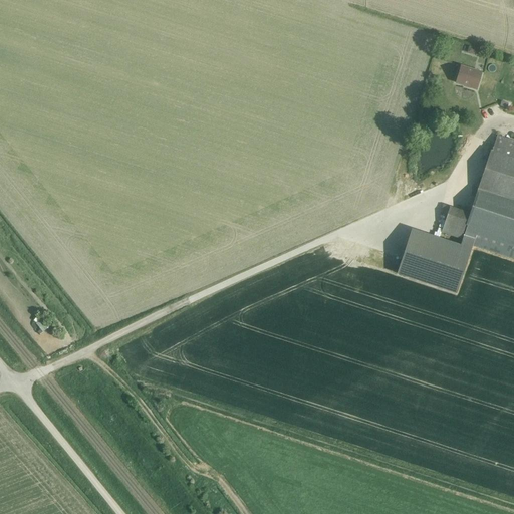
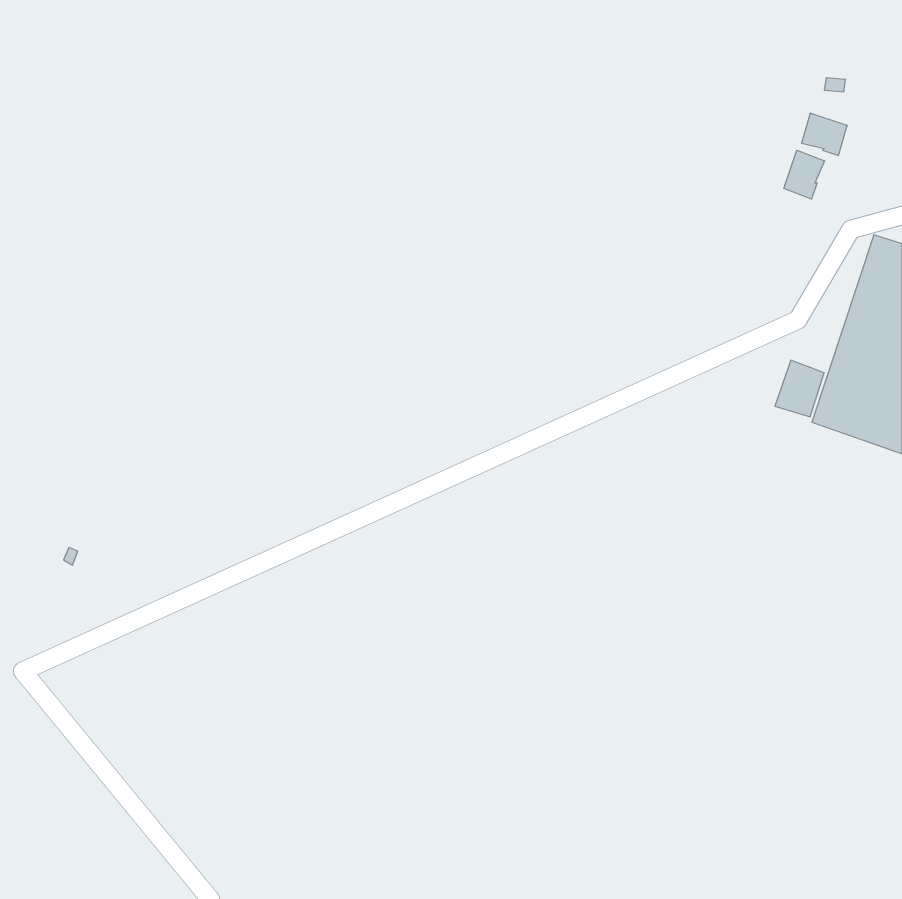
building: none -> [784,150,824,199]
building: [398,228,471,292] -> none

